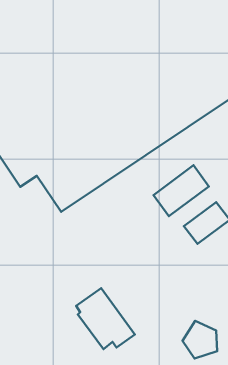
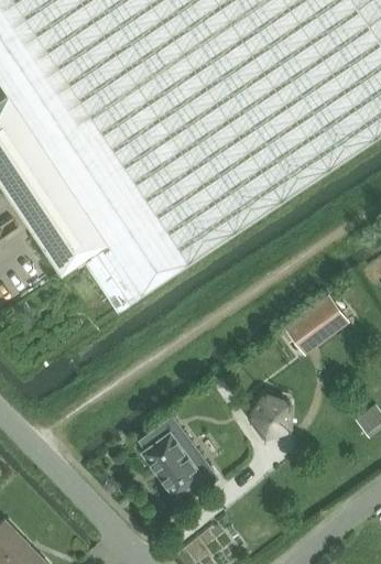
building: [153,165,209,216] -> none
building: [182,321,217,358] -> [246,389,293,441]

